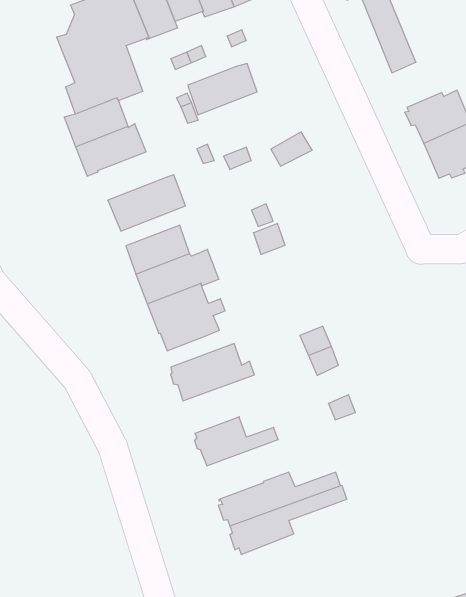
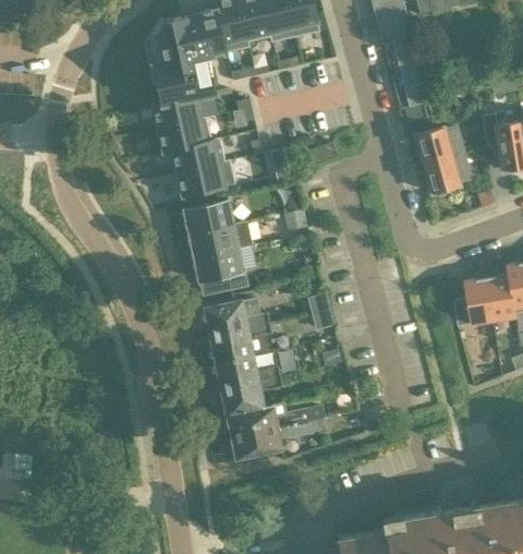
building: [188,64,257,115] -> [171,138,223,172]
building: none -> [210,323,270,361]
building: none -> [221,374,285,414]

